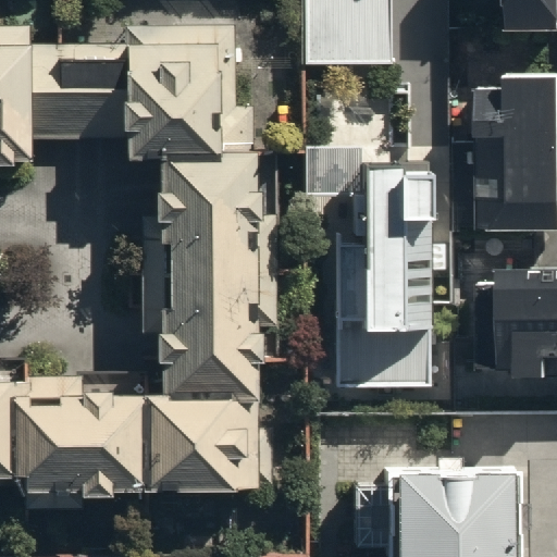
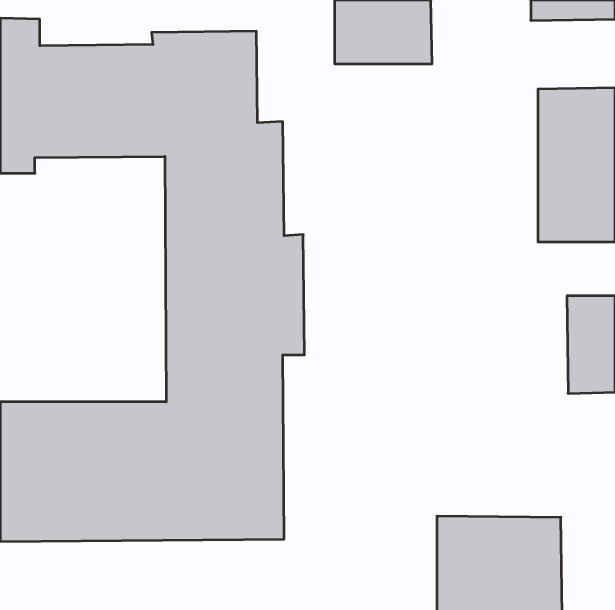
building: [343,173,426,391] -> none

